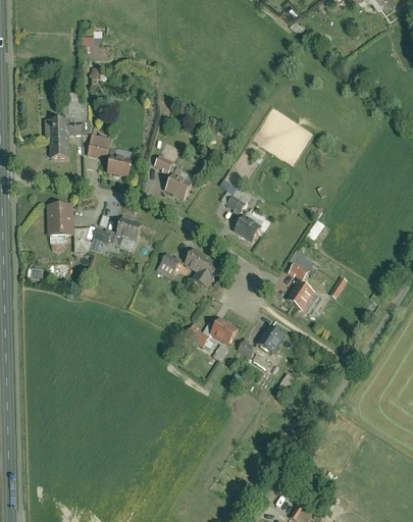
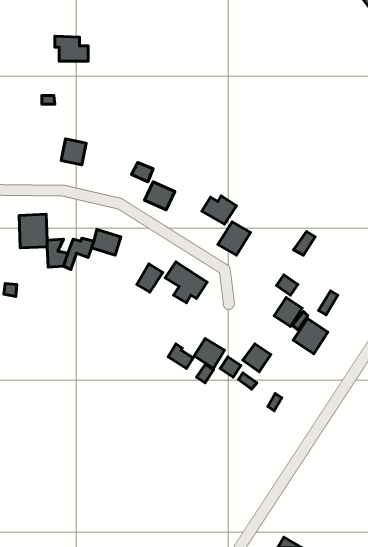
building: [43,117,80,158] -> none
building: [105,154,132,177] -> none
building: none -> [293,318,328,354]

